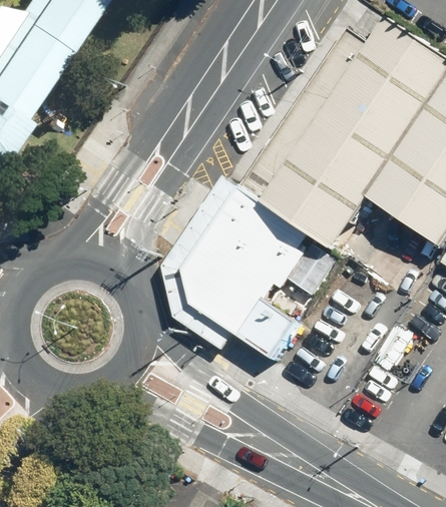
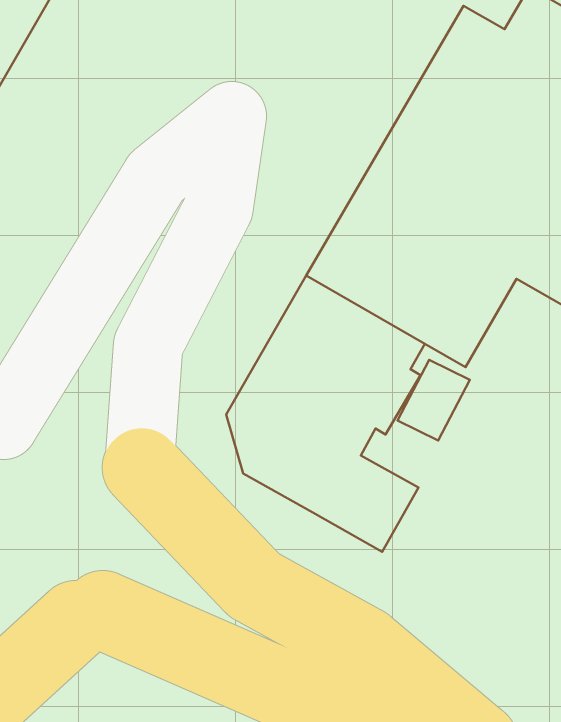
building: [162,179,241,352] -> none

